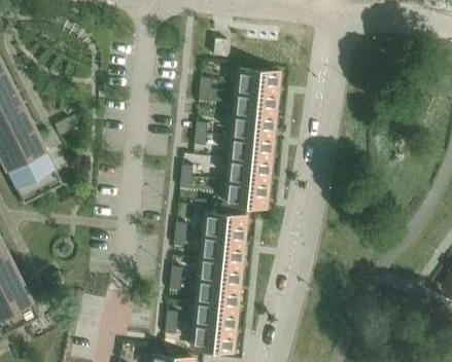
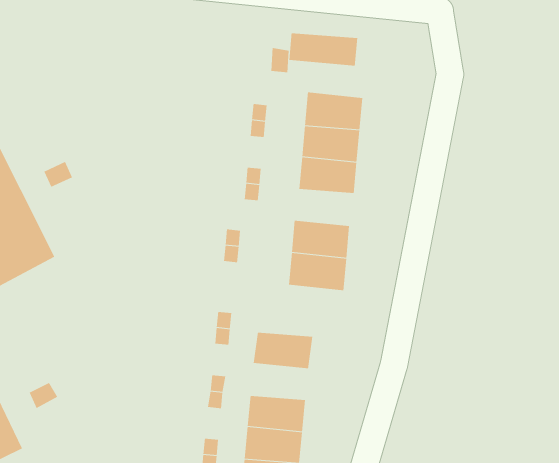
building: none -> [289,33,358,67]
building: [230,138,272,164] -> none
building: [204,214,245,241] -> none
building: [199,259,240,285] -> none

